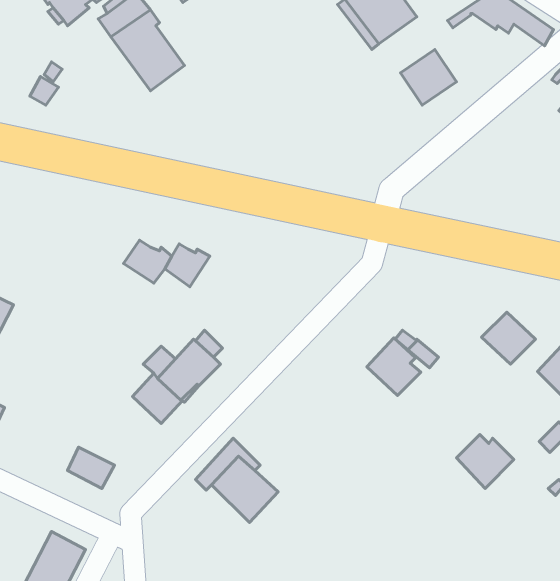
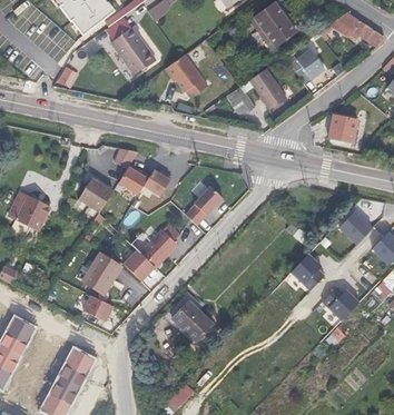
building: none -> [166,53,208,97]
building: none -> [226,68,287,117]
building: none -> [328,115,358,142]
building: none -> [78,178,112,213]
building: none -> [185,187,221,225]
building: [367,338,421,395] -> [292,254,325,289]
building: none -> [81,250,124,296]

